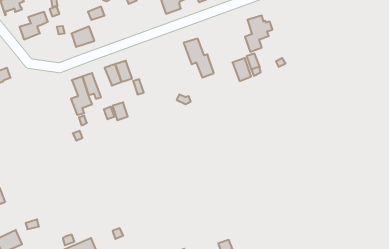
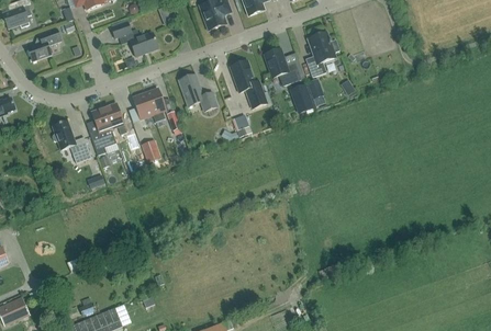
building: [71,27,94,47] -> [130,31,158,56]
building: none -> [264,48,297,85]
building: none -> [179,73,217,111]
building: none -> [52,121,91,162]

